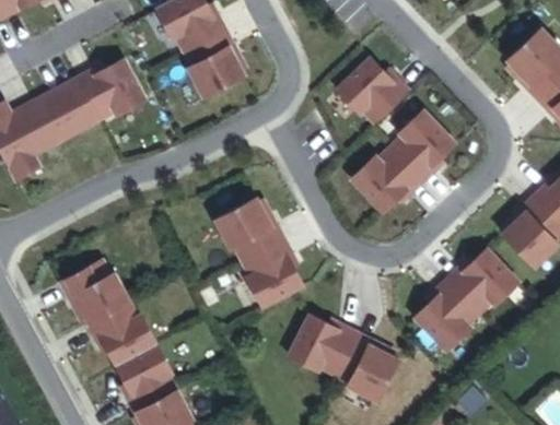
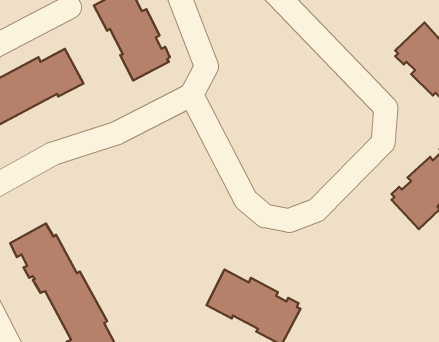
building: [337,57,408,122] -> none
building: [351,109,455,212] -> none
building: [213,198,302,307] -> none
building: [413,249,518,351] -> none

